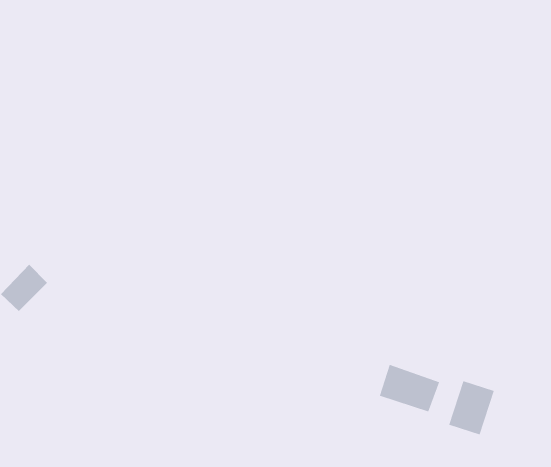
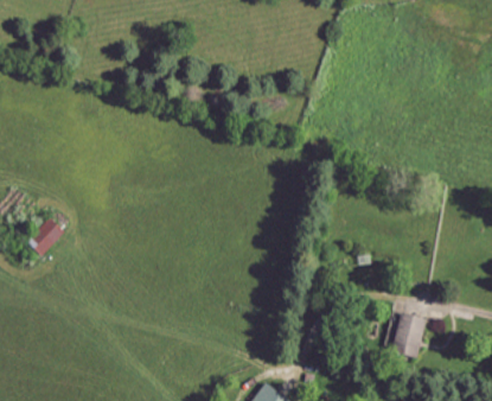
building: [379,364,440,412] -> none

